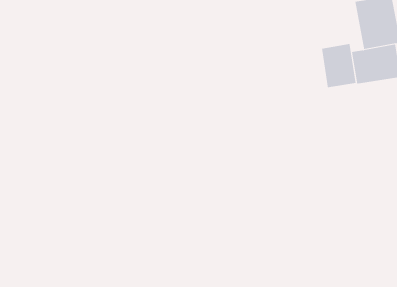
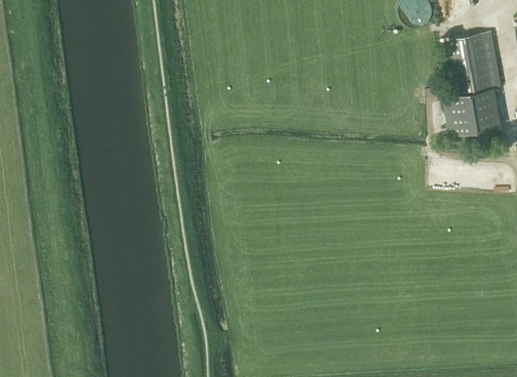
building: [321,43,356,88] -> none

